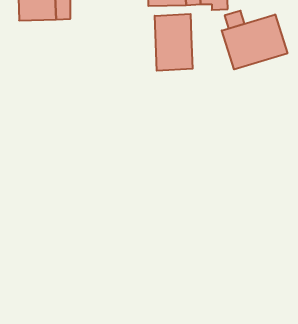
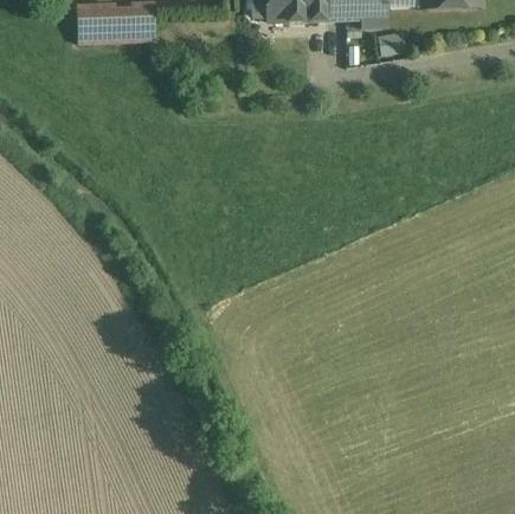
building: [155,14,193,71] -> none
building: [222,14,287,69] -> none

